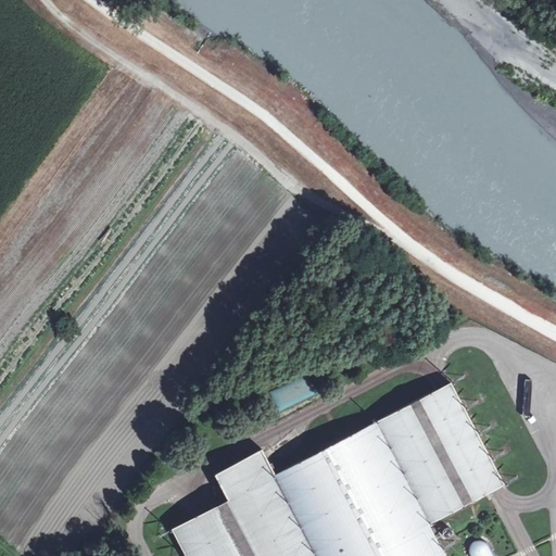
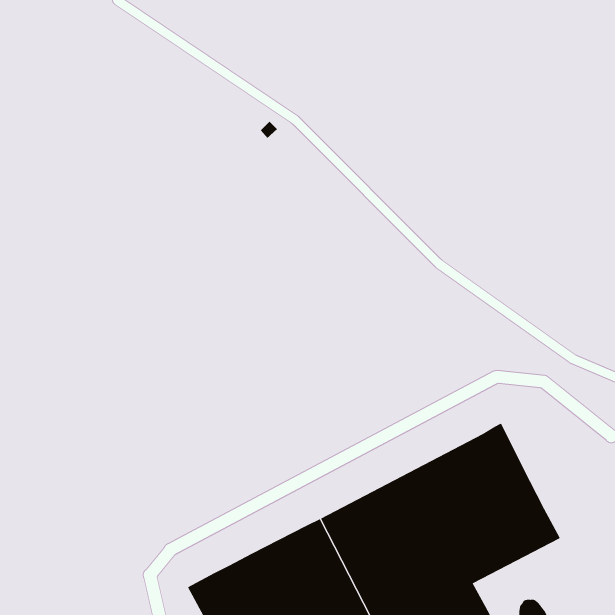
building: [214,452,275,500] -> none

